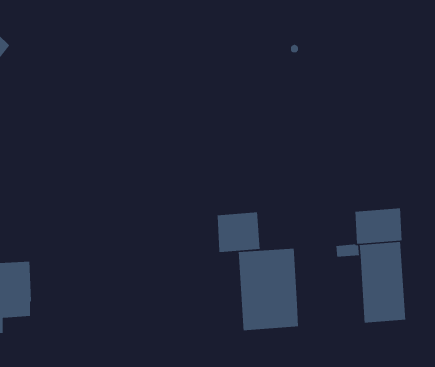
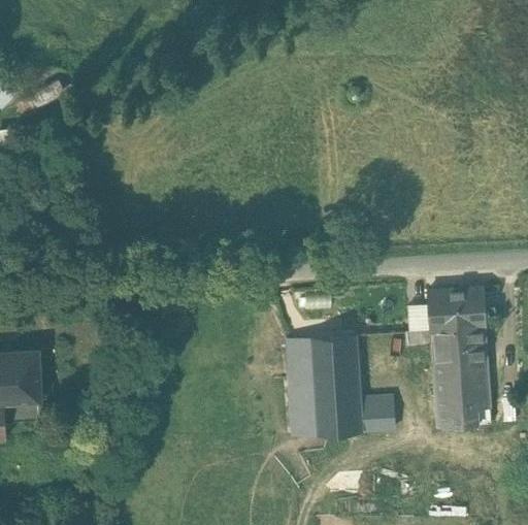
building: [217,212,260,253] -> none
building: none -> [359,401,393,430]

